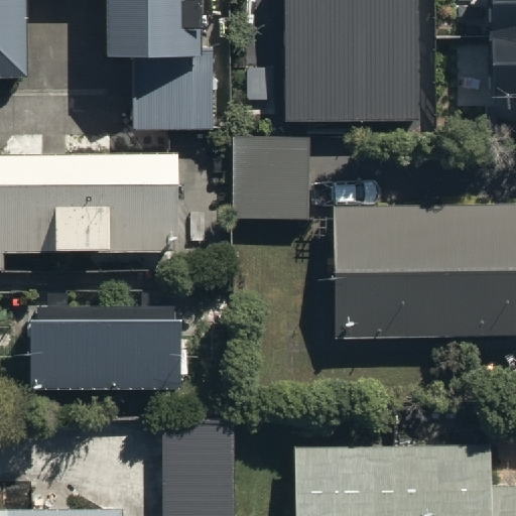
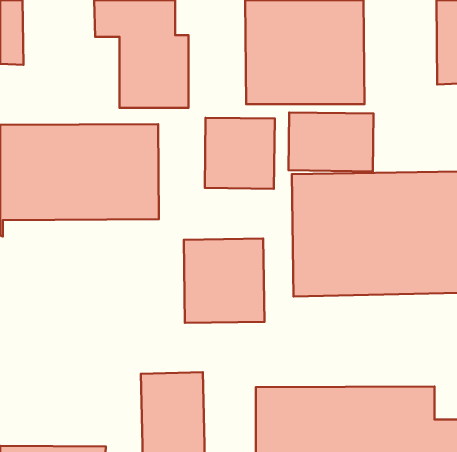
building: none -> [288,112,373,171]
building: none -> [184,239,264,323]
building: [31,306,180,387] -> none

